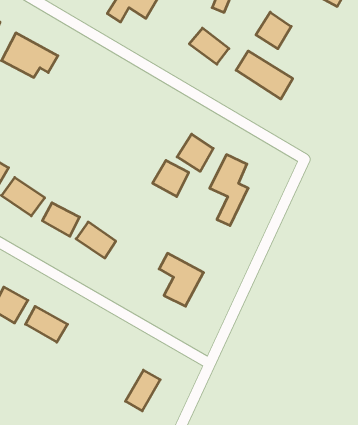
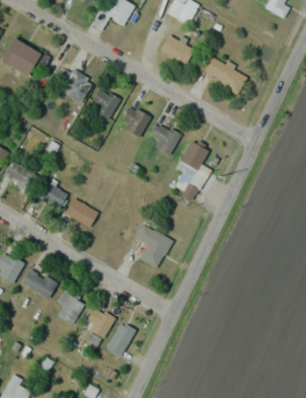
building: [256,12,291,49] -> none
building: none -> [59,70,91,100]
building: none -> [89,88,121,120]
building: [153,160,189,197] -> [120,106,150,137]
building: none -> [53,291,86,324]
building: none -> [85,308,114,338]

